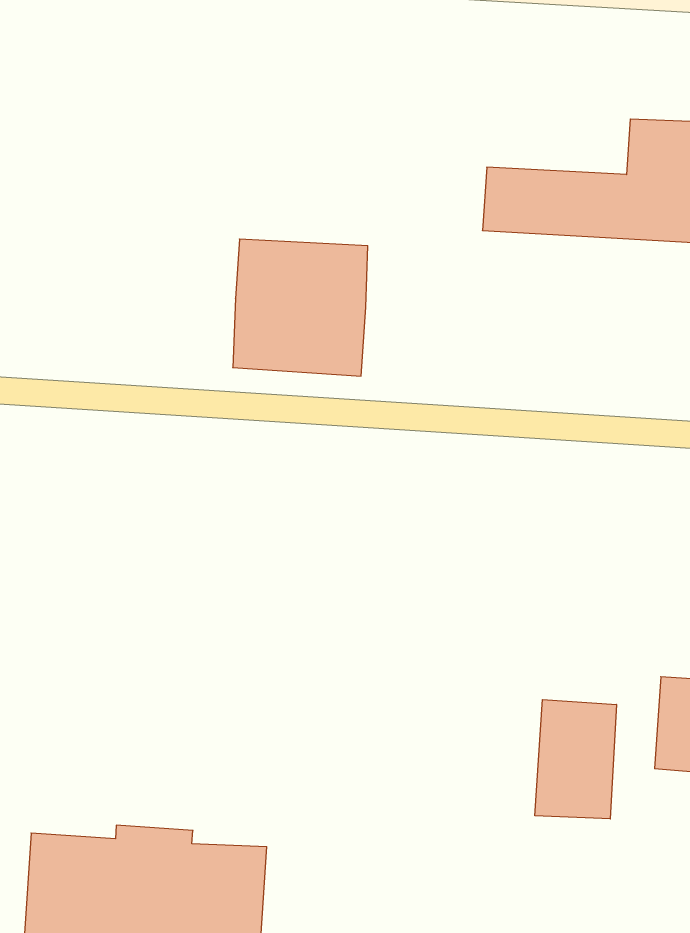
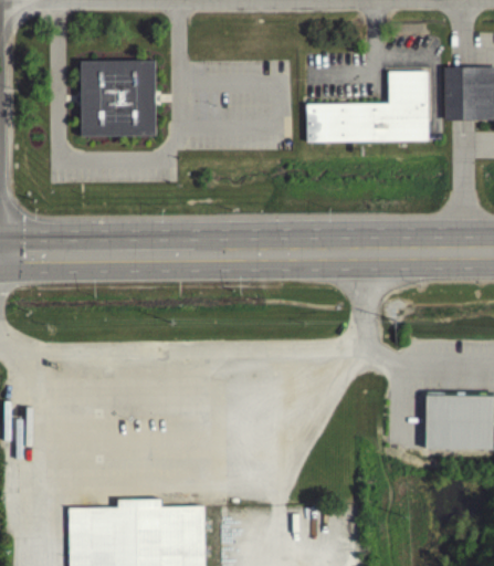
building: [233,239,368,376] -> [81,62,156,137]
building: [535,700,616,819] -> none

